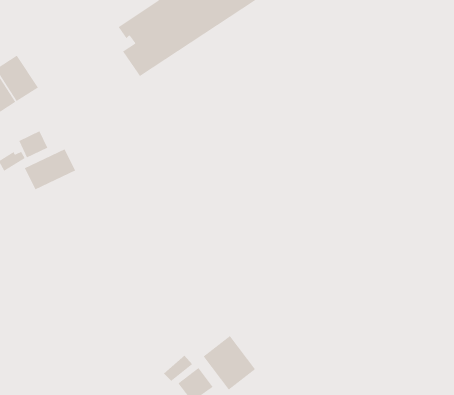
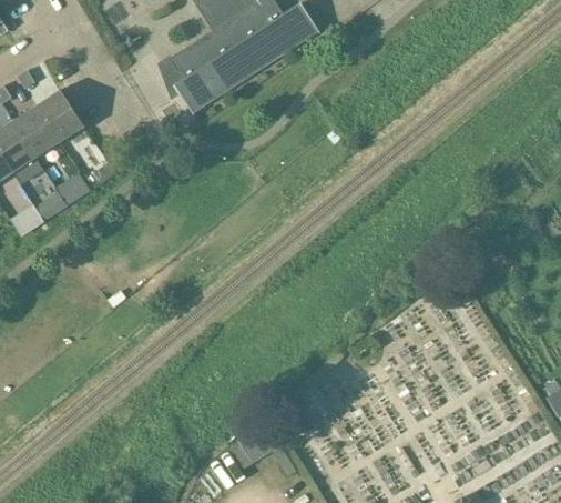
building: [24,149,76,190] -> none
building: [203,335,256,390] -> none

